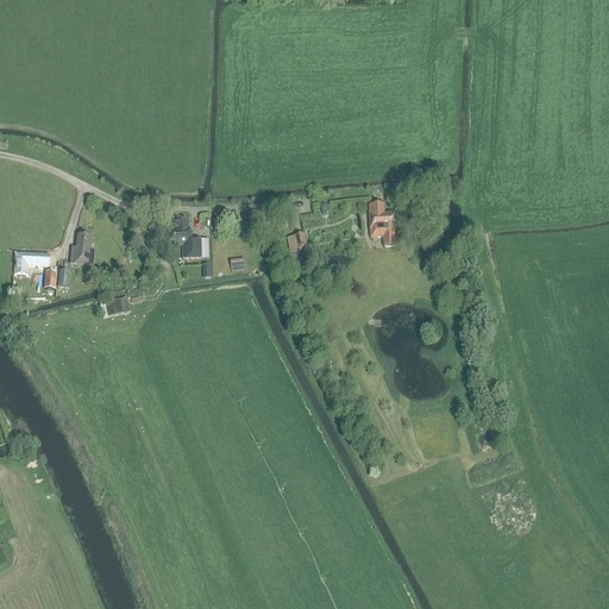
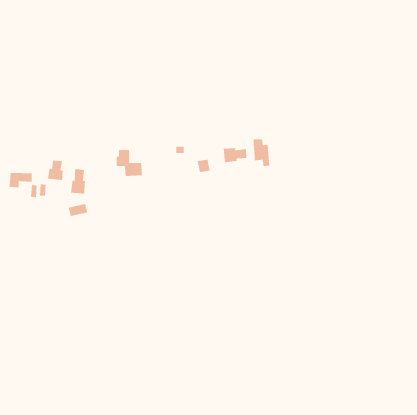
building: none -> [223,147,247,163]
building: none -> [70,168,86,195]

